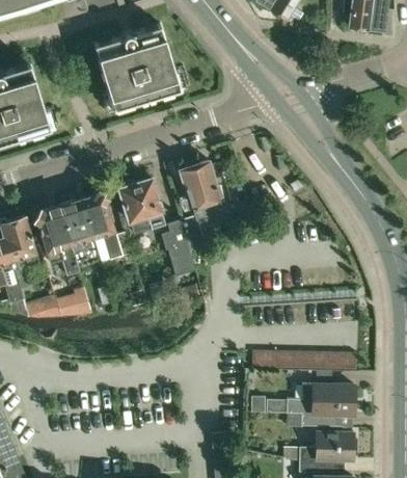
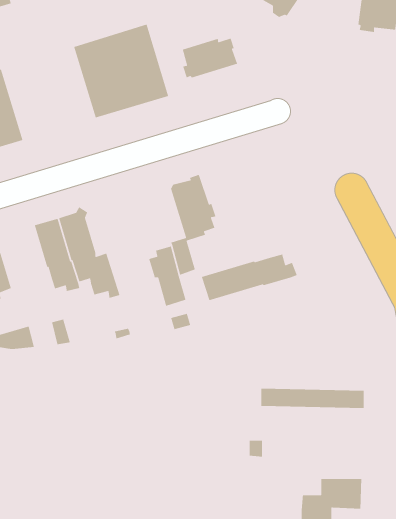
building: none -> [182,37,238,78]
building: [119,178,164,233] -> none
building: [35,204,79,274] -> none
building: none -> [201,254,298,301]
building: [286,383,353,425] -> none

